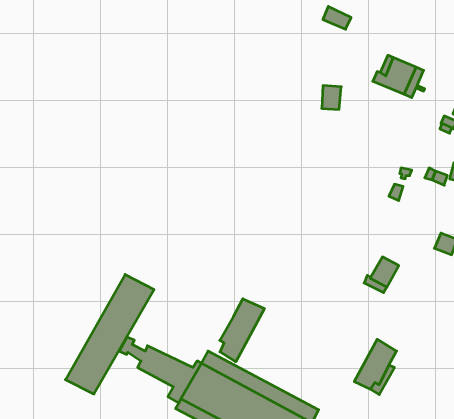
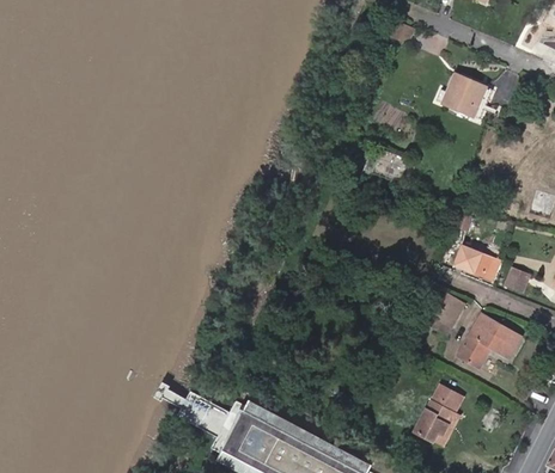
building: none -> [455,246,498,278]
building: [65,274,154,394] -> none
building: none -> [457,314,520,368]
building: [220,299,264,362] -> none

